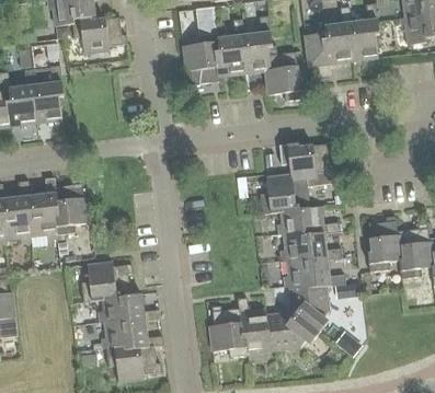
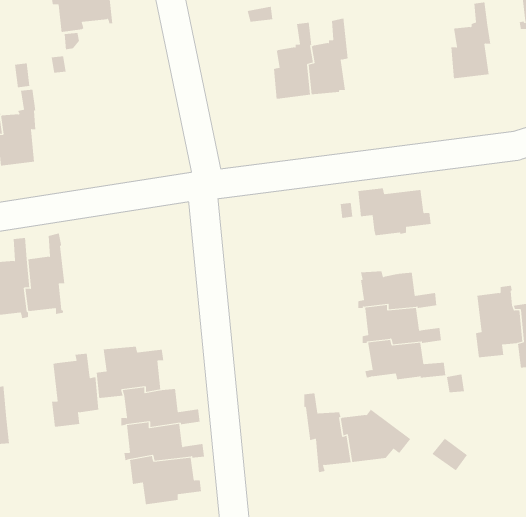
building: [304,7,352,67] -> none
building: [70,16,126,54] -> none
building: [181,34,218,90] -> none
building: [264,45,304,102] -> none
building: [32,66,62,124] -> none
building: [259,171,334,215] -> none
building: [53,180,89,235] -> [51,353,99,427]
building: [287,284,328,333] -> none
building: [208,307,248,358] -> none

